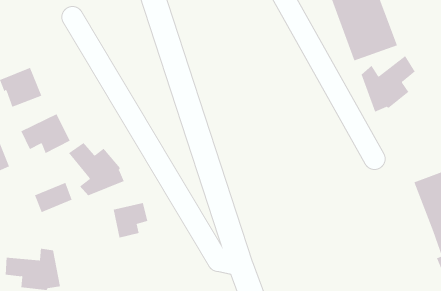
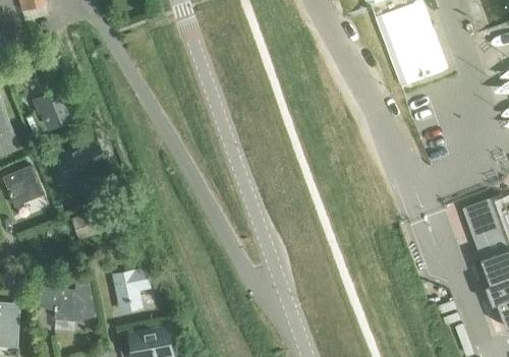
building: [361,55,416,112] -> none
building: [68,142,125,196] -> none
building: [113,203,148,238] -> [113,267,150,304]

